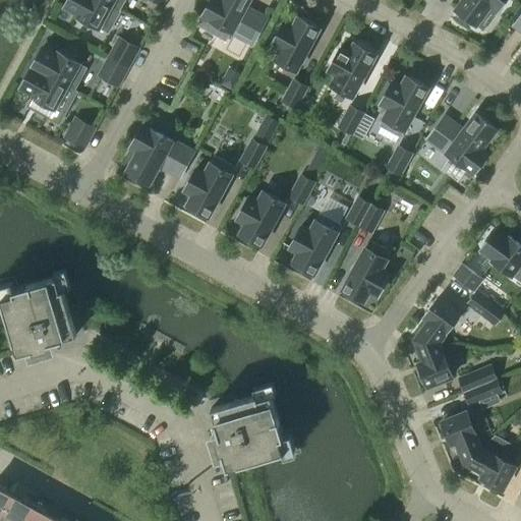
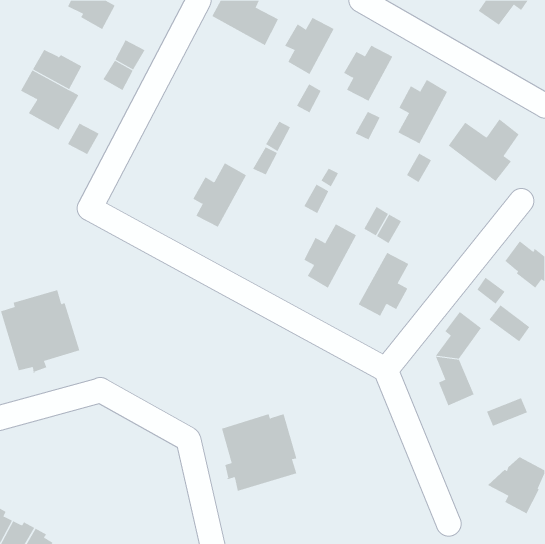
building: [126,126,192,186] -> none
building: [236,193,284,247] -> none
building: [457,365,497,394] -> none
building: [441,413,480,464] -> none

